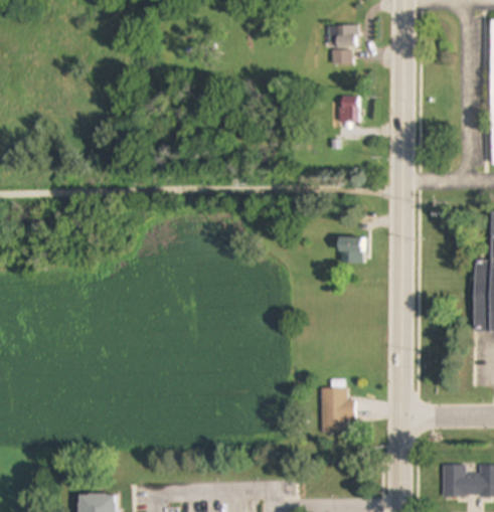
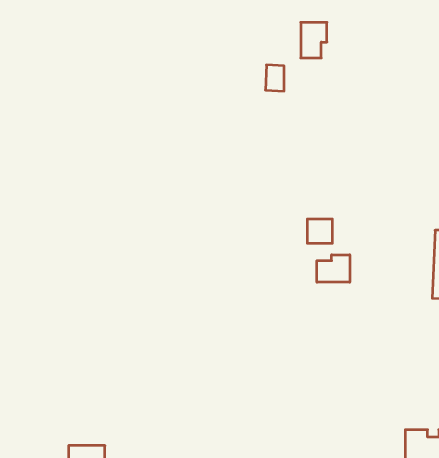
building: [340,97,360,125] -> [265,65,284,91]
building: none -> [317,255,350,282]
building: [321,380,345,422] -> none

